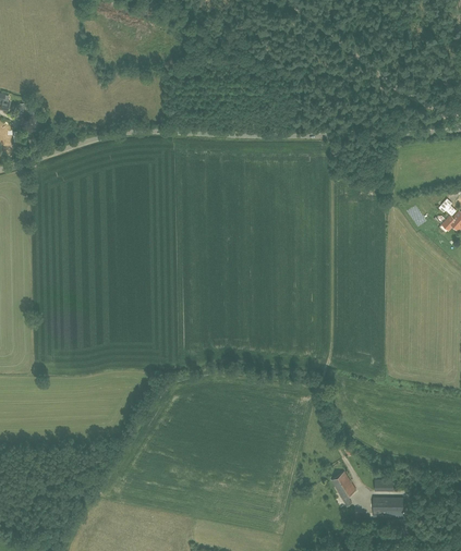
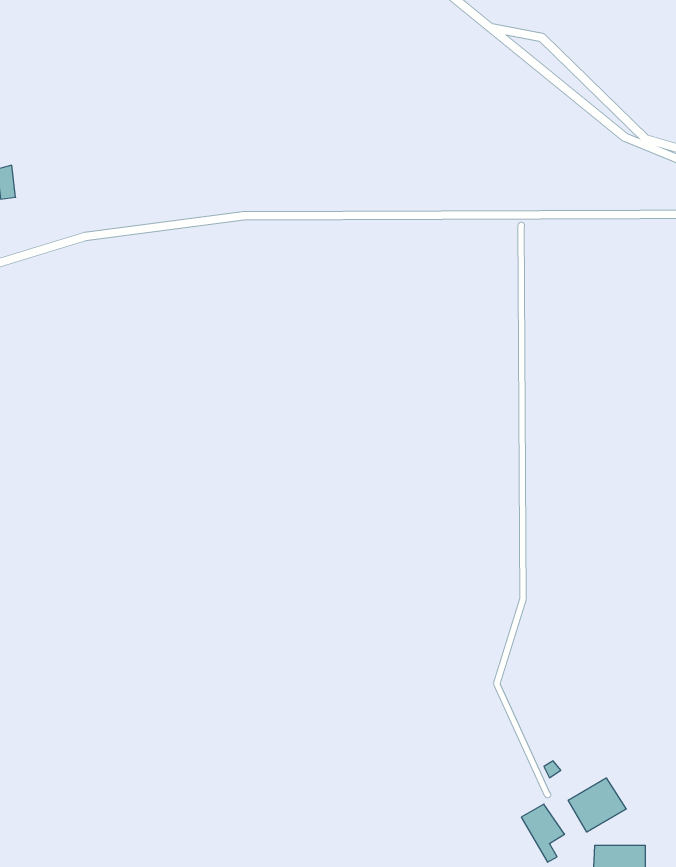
building: none -> [568,778,626,832]

